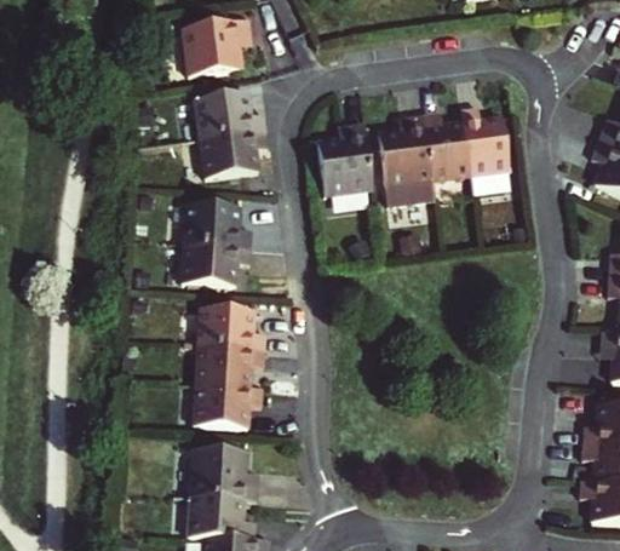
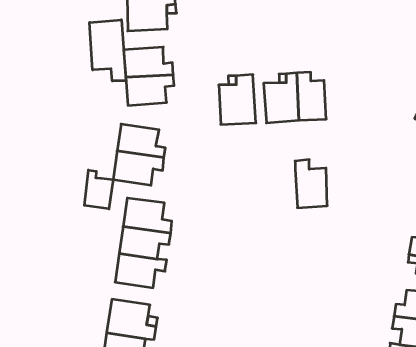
building: none -> [90,20,126,81]
building: [460,108,510,176] -> [295,160,327,208]
building: none -> [84,170,113,209]

